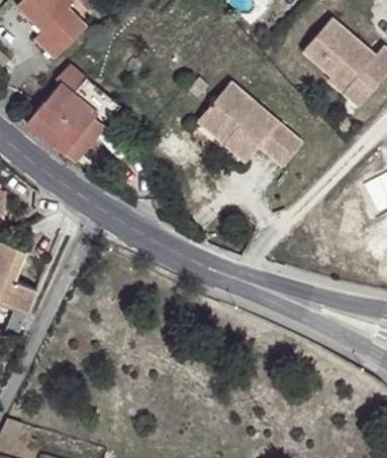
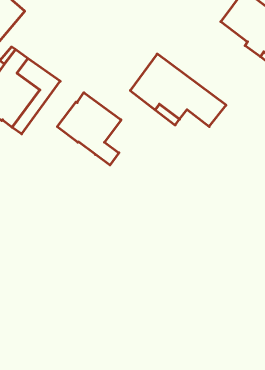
building: none -> [57,93,121,165]

